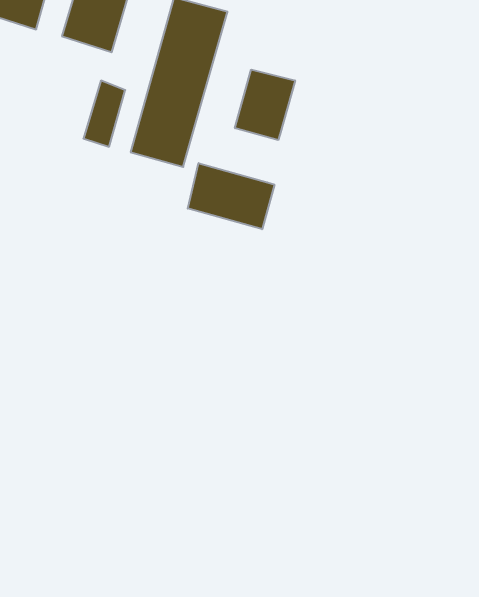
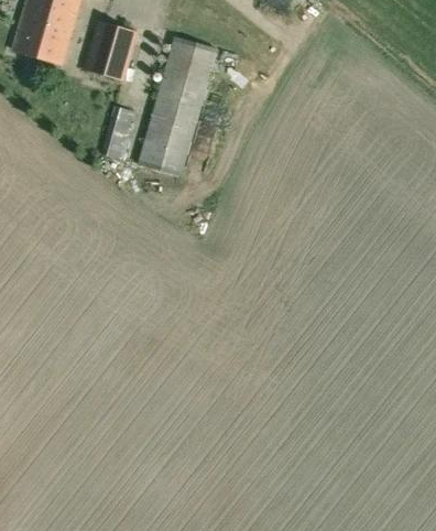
building: [235,70,295,140] -> none
building: [188,163,274,229] -> none

